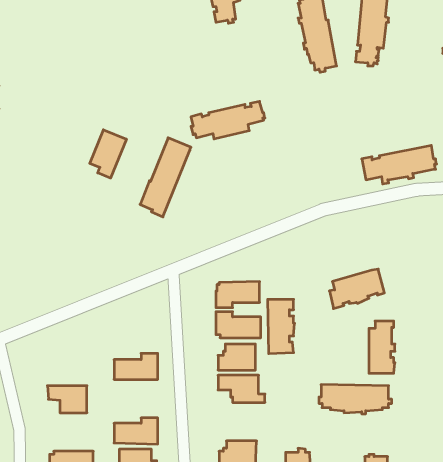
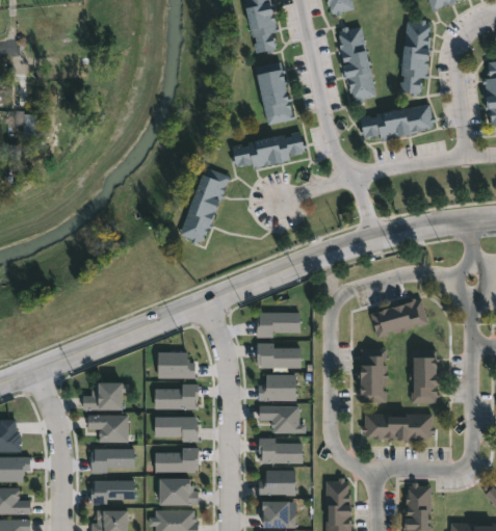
building: none -> [256,61,297,126]
building: [90,130,126,178] -> none
building: [362,145,437,184] -> [358,104,433,142]
building: [268,299,295,354] -> [358,349,385,403]
building: none -> [158,352,195,378]
building: none -> [83,383,129,411]
building: none -> [154,417,199,442]
building: none -> [259,437,303,463]
building: none -> [90,449,134,473]

